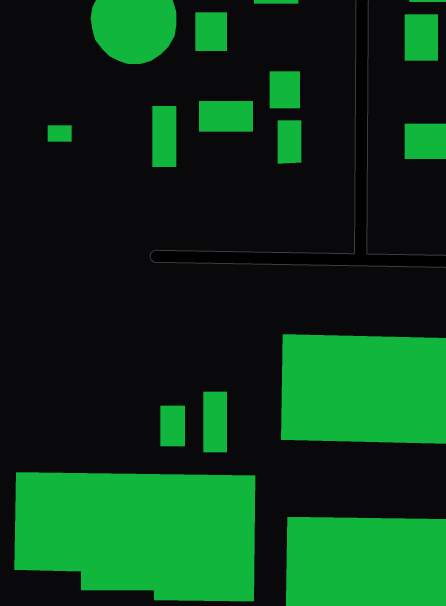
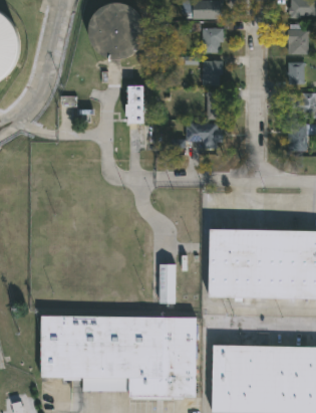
building: [194,12,228,52] -> [202,29,223,54]
building: none -> [287,62,303,84]
building: [198,100,254,132] -> [186,124,221,144]
building: none -> [287,124,306,153]
building: [160,405,185,447] -> none

